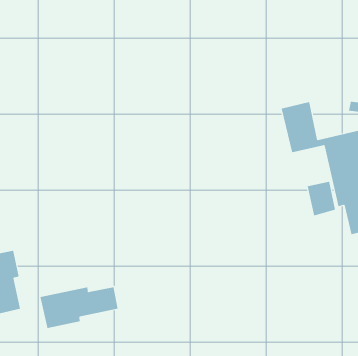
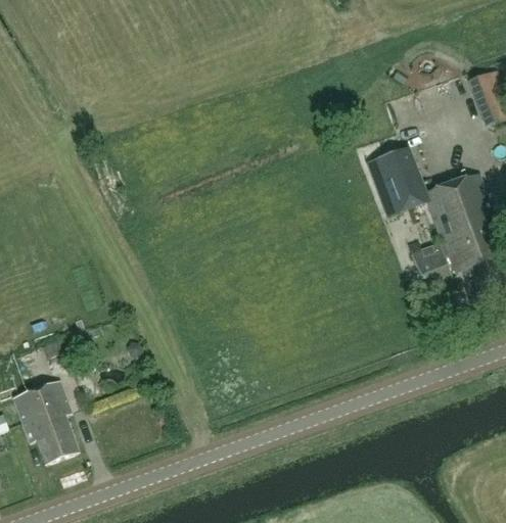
building: [40,286,118,329] -> none

